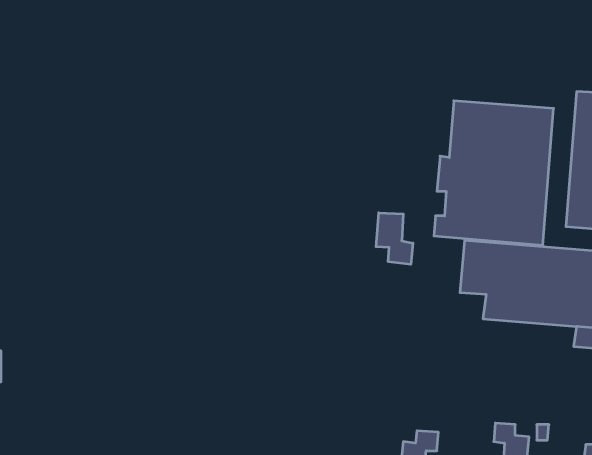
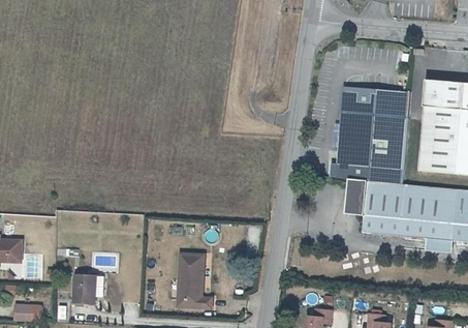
building: [376,213,413,264] -> none
building: none -> [181,249,214,304]
building: none -> [74,272,96,302]

